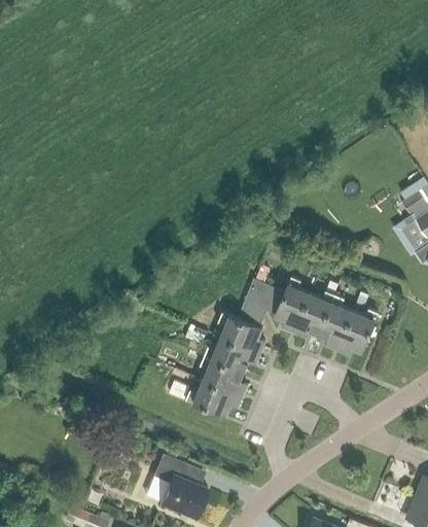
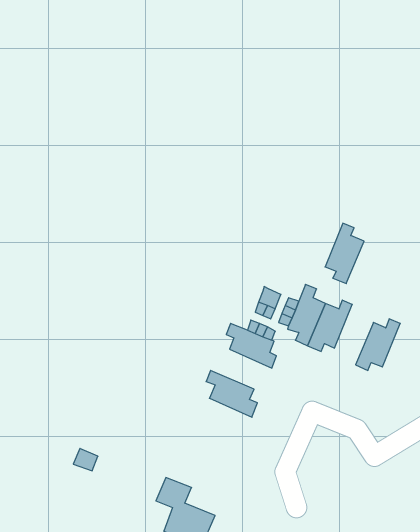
building: [318,294,354,350] -> [325,223,364,284]
building: [204,336,260,373] -> none
building: [186,381,242,416] -> none

